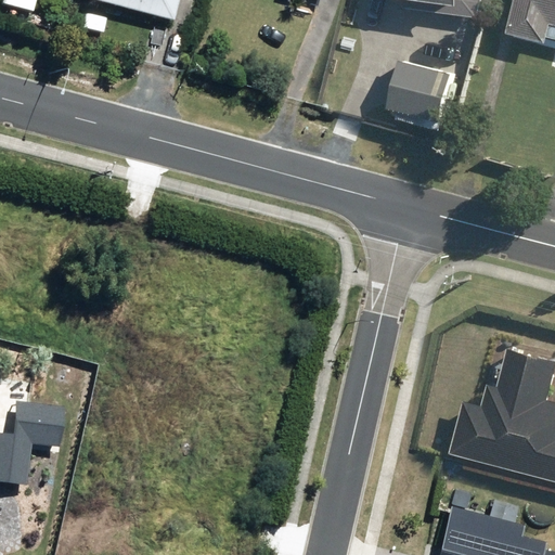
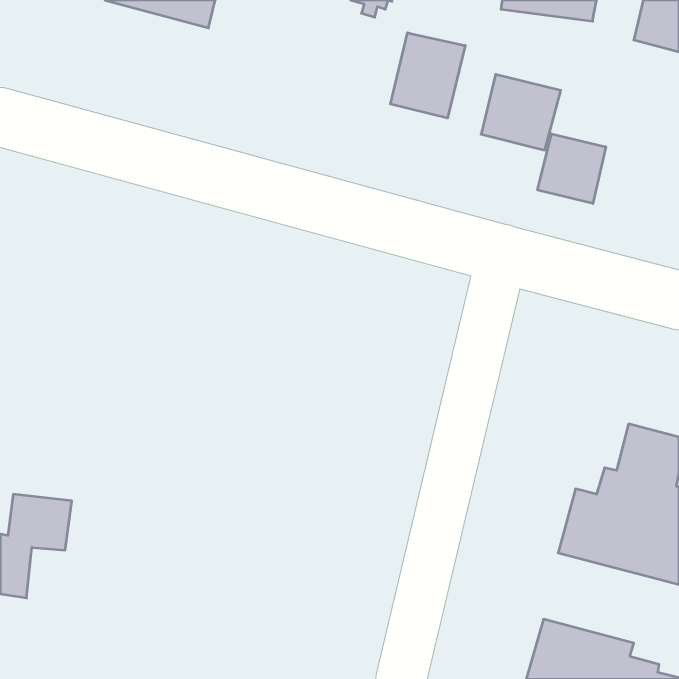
building: none -> [390,33,465,118]
building: none -> [538,134,606,204]

